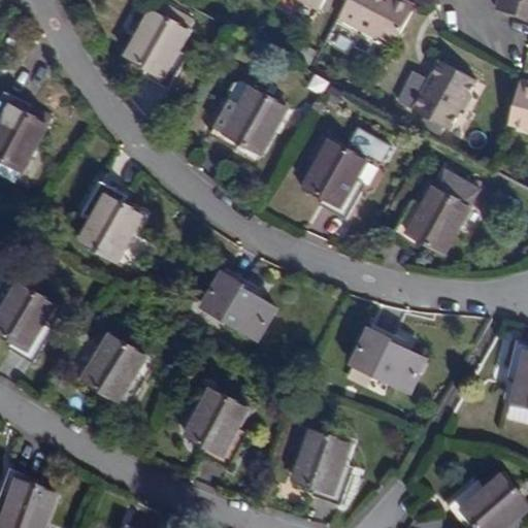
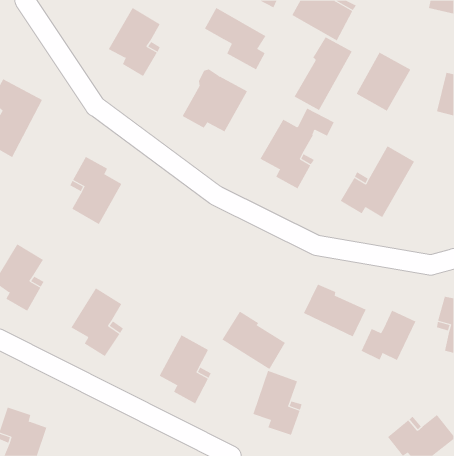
building: none -> [204,7,266,70]
building: none -> [294,36,352,111]
building: [200,270,274,338] -> [222,311,286,370]
building: none -> [361,310,416,361]

